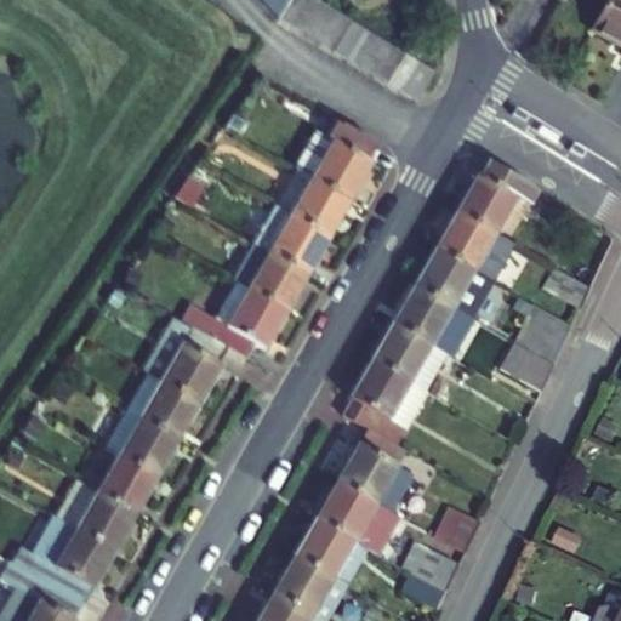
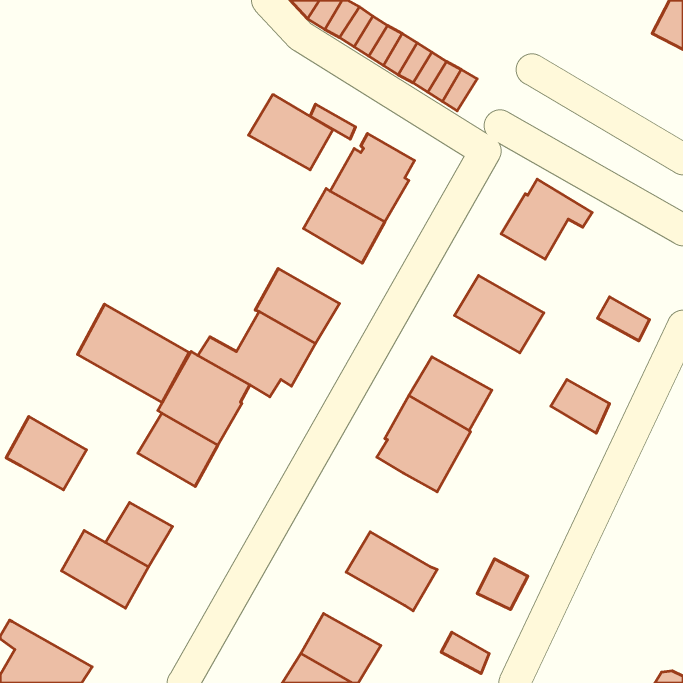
building: [252,207,329,275] -> [249,95,333,170]
building: [434,212,514,284] -> none
building: none -> [77,304,189,403]
building: [392,286,472,358] -> none
building: [514,306,571,366] -> none
building: [104,411,177,478] -> [6,416,86,490]
building: [336,429,412,514] -> none
building: [11,518,114,605] -> none
building: [294,519,368,586] -> none
building: [400,542,457,593] -> none

